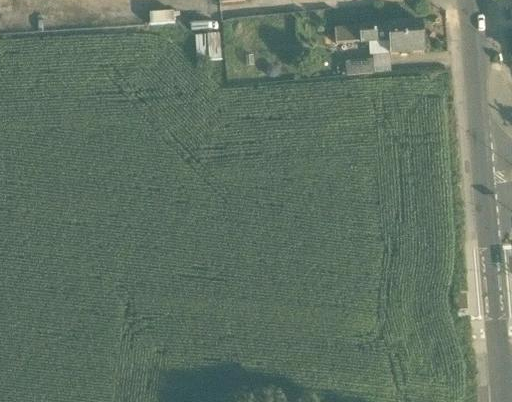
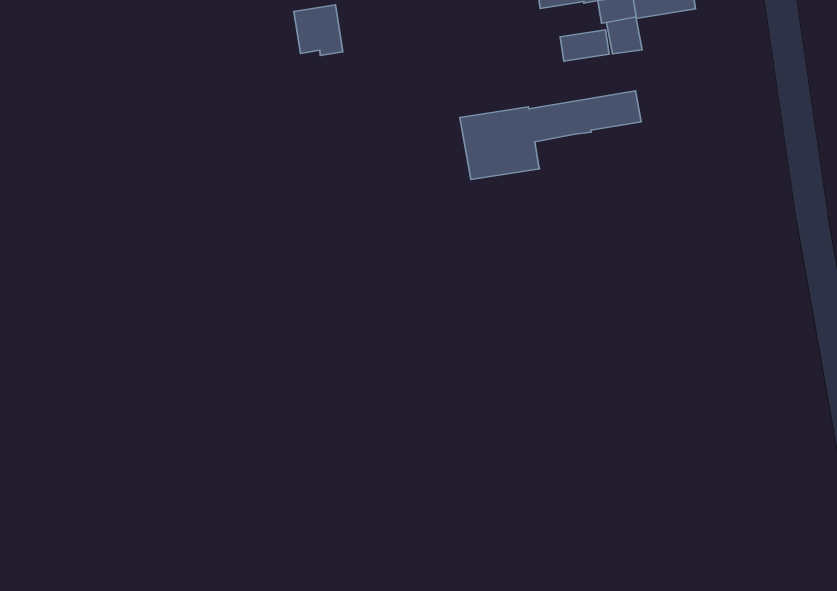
building: none -> [460,91,641,180]

